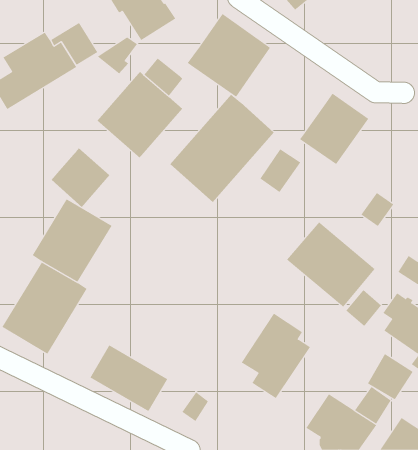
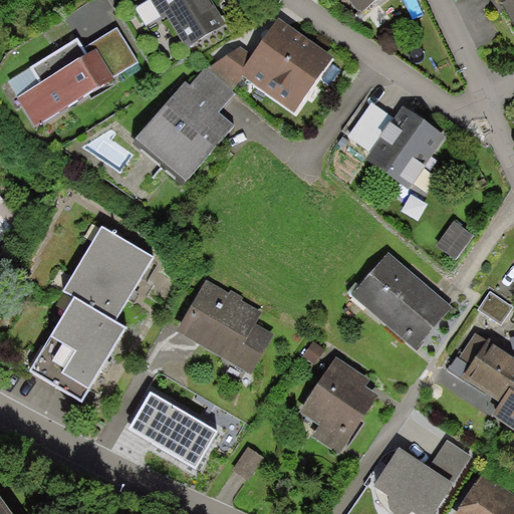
building: [97,37,138,74] -> [206,45,252,87]
building: [169,94,274,203] -> none
building: [51,148,110,208] -> none
building: [260,148,301,193] -> [347,101,395,152]
building: none -> [176,279,273,373]
building: [345,289,382,327] -> none
building: [367,353,413,400] -> none

